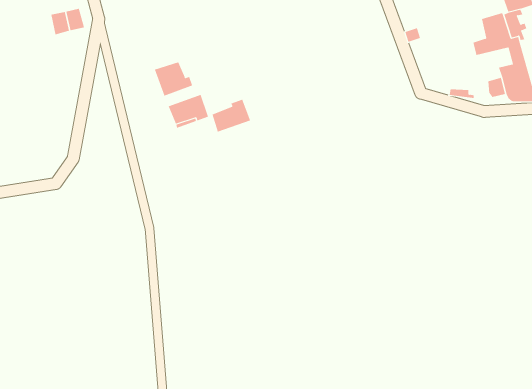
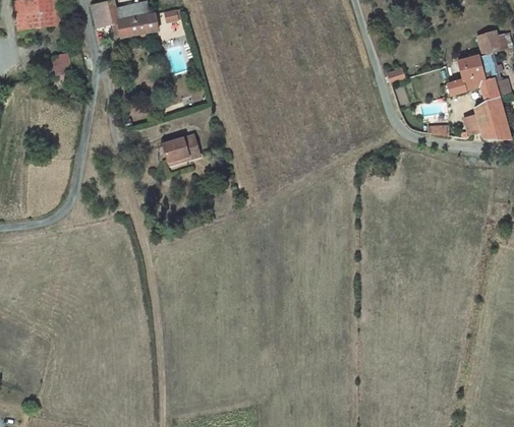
building: [154,61,193,97] -> none
building: [212,99,251,133] -> none

